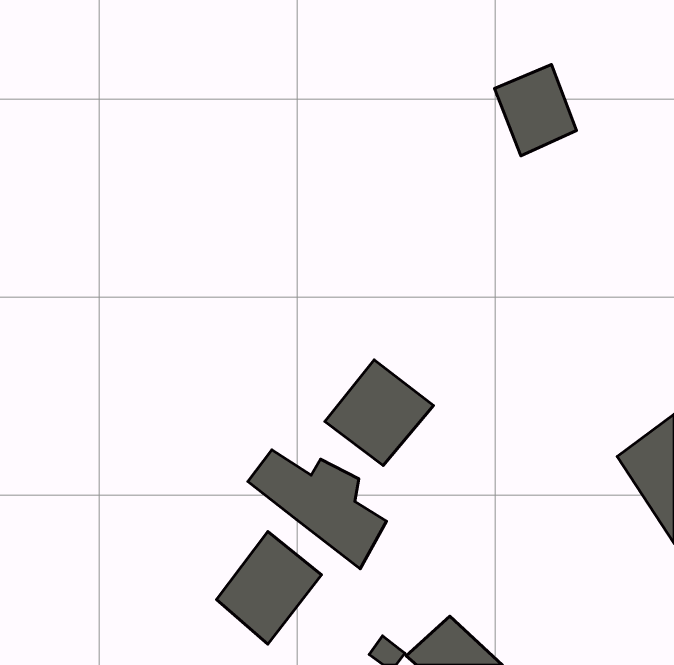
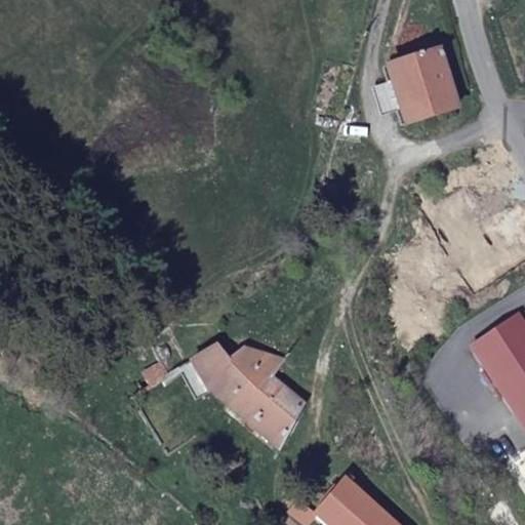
building: [325,360,433,465] -> none
building: [216,531,321,644] -> none

